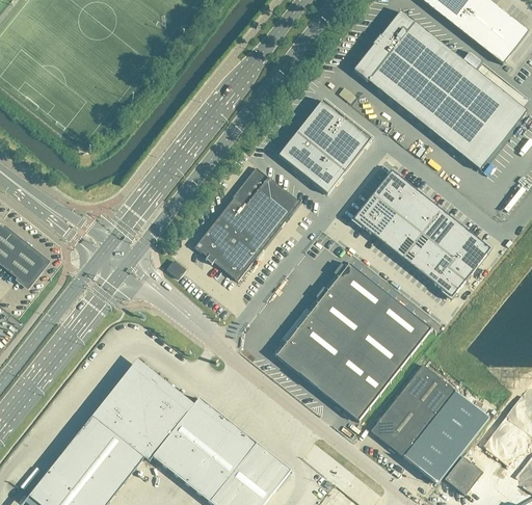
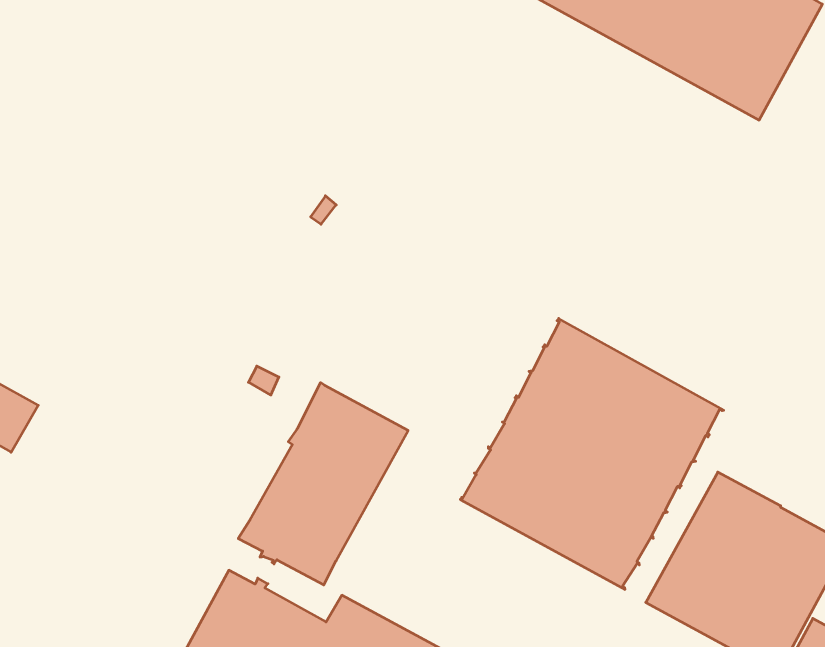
building: [278,99,371,193] -> none
building: [194,165,300,280] -> [238,383,408,585]
building: [351,167,493,299] -> none

